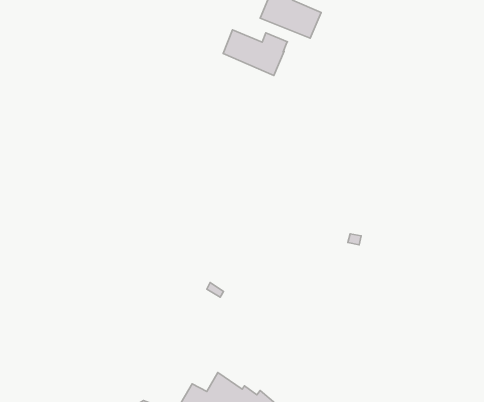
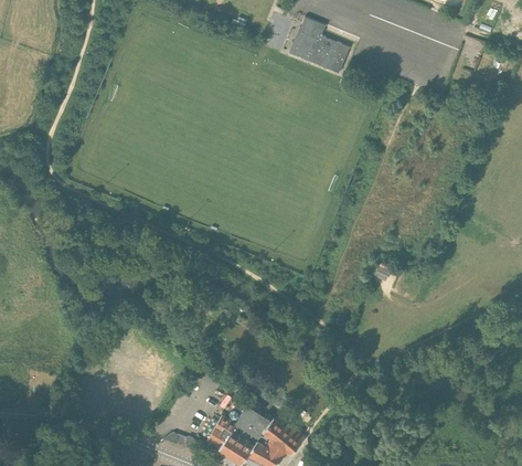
building: [223,30,288,75] -> none

